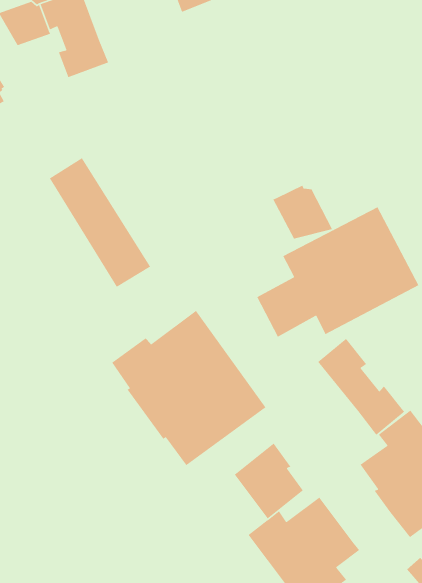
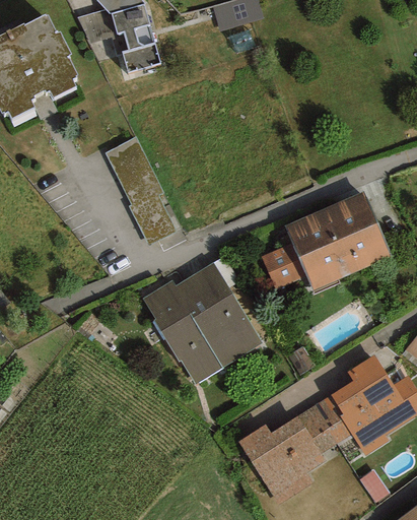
building: [272,184,333,239] -> none
building: [317,338,405,436] -> none
building: [234,442,304,520] -> [297,394,351,454]

